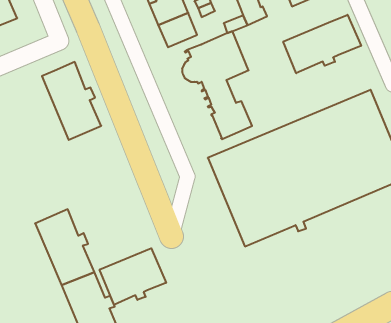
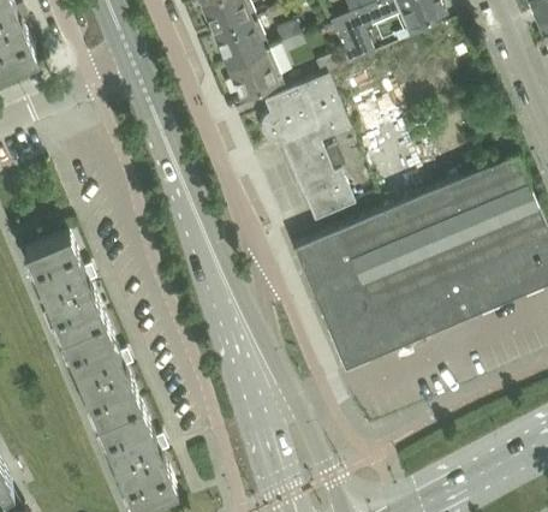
building: [283,15,361,73] -> none
building: [42,62,101,140] -> [23,231,103,337]
building: [100,248,166,305] -> none

